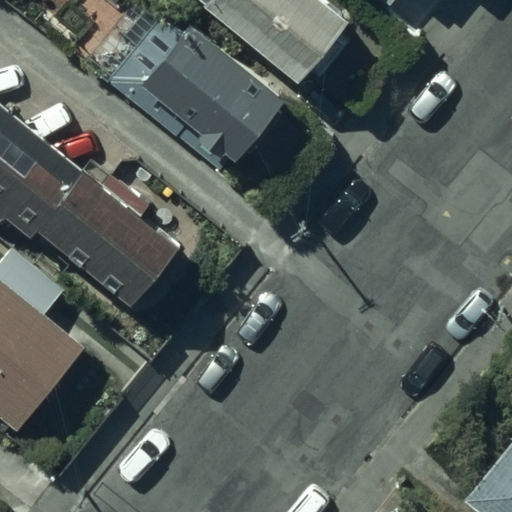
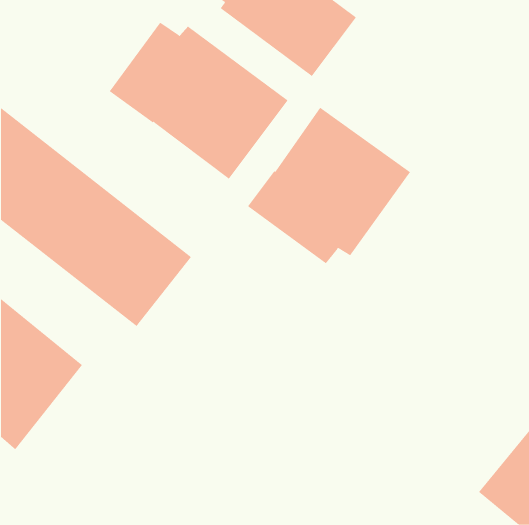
building: none -> [247,107,411,264]

